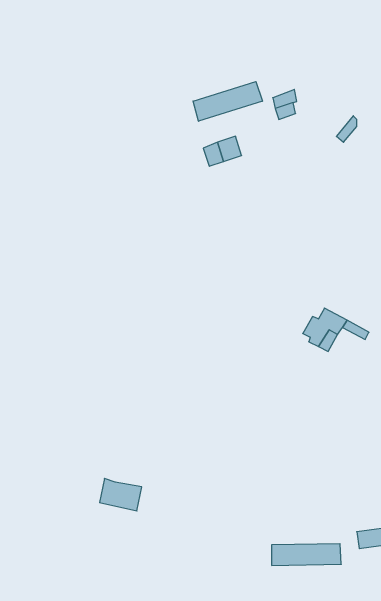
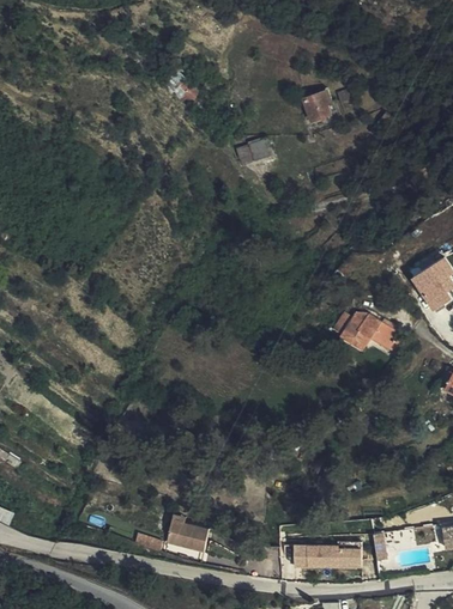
building: [193,82,262,121] -> none
building: [100,478,142,511] -> [164,520,206,553]

